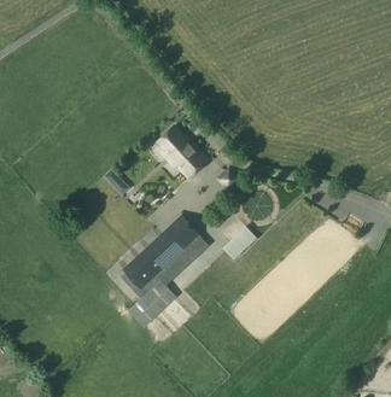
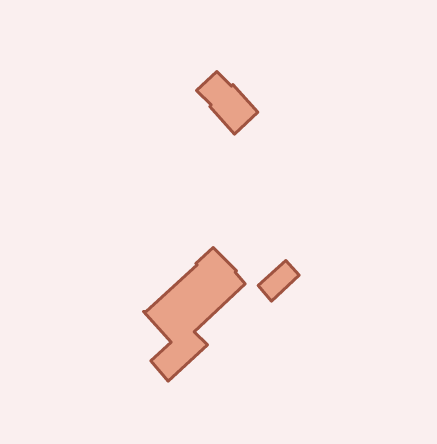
building: [157,127,208,179] -> [197,72,258,134]

